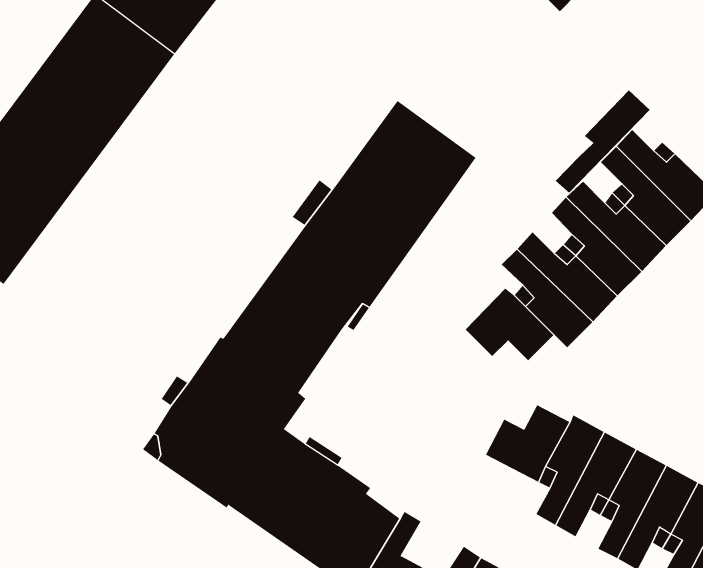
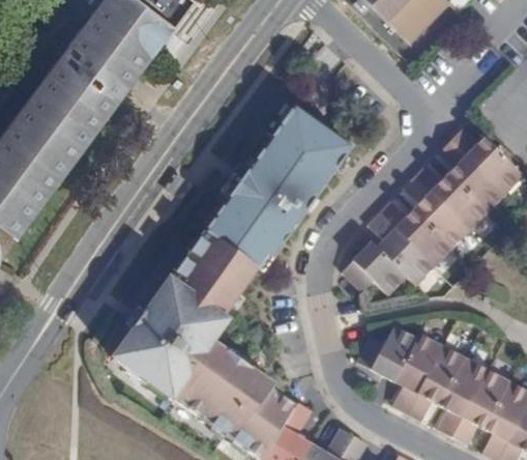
building: [555,89,651,194] -> none

